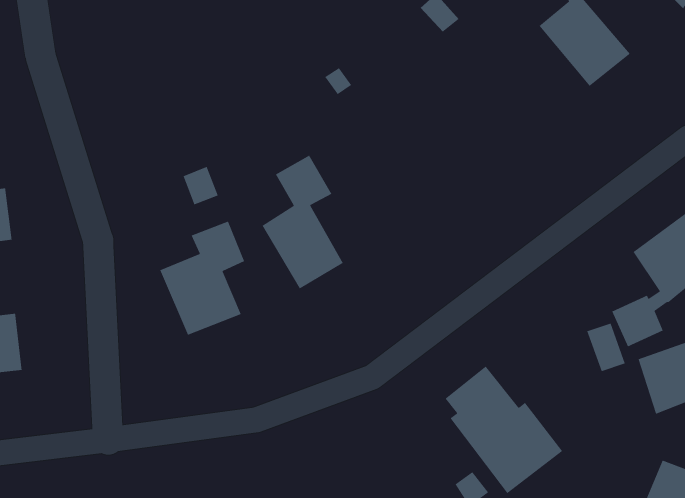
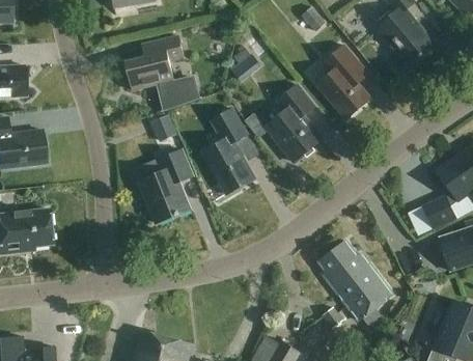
building: none -> [126,35,199,110]
building: none -> [316,45,370,118]
building: none -> [265,84,322,161]

